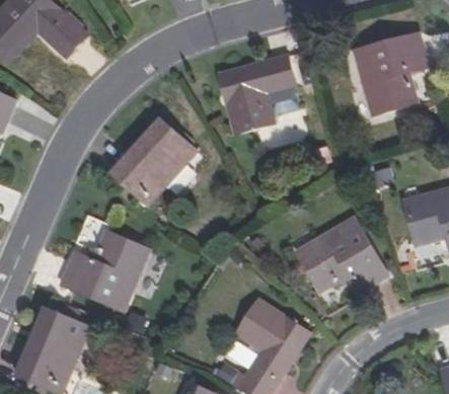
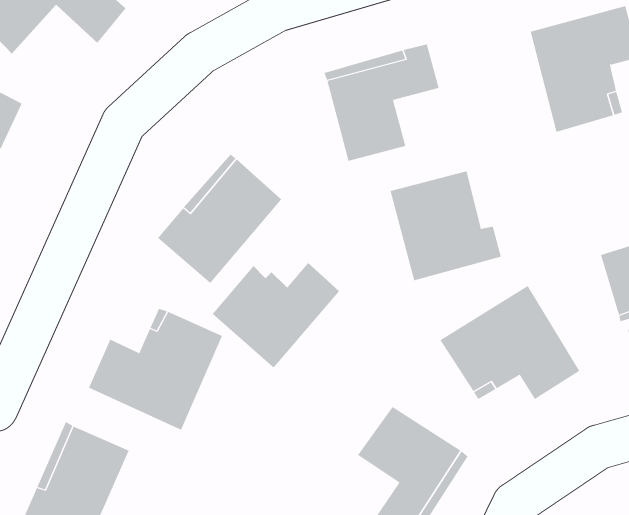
building: none -> [390,171,501,281]
building: none -> [212,262,340,369]

